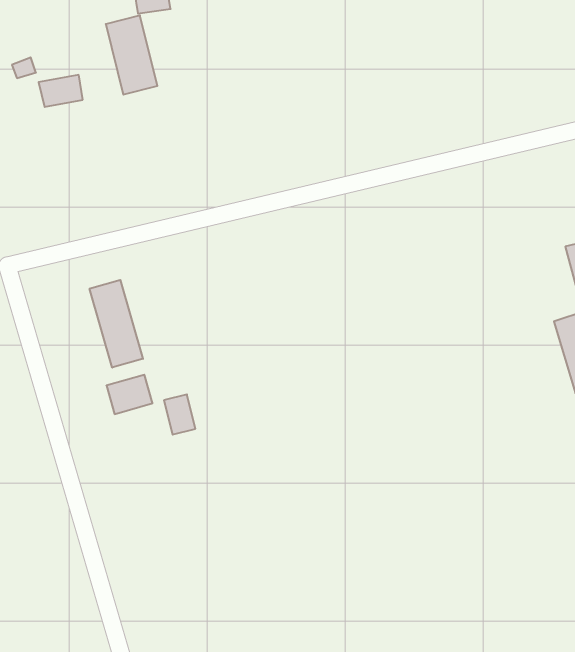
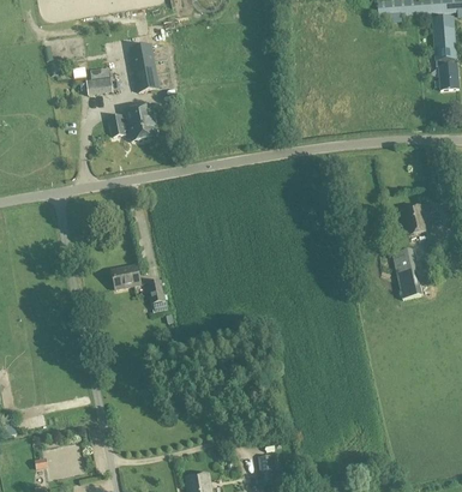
building: none -> [108,104,156,140]
building: [90,280,143,368] -> none

